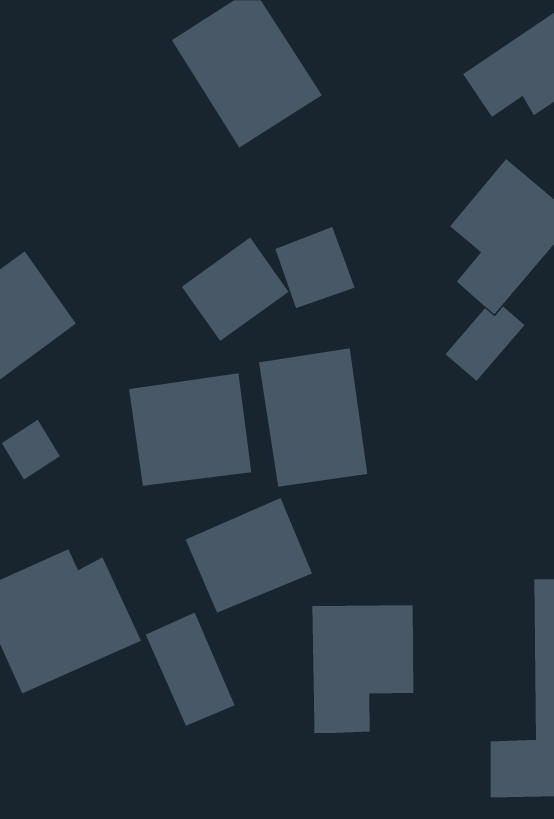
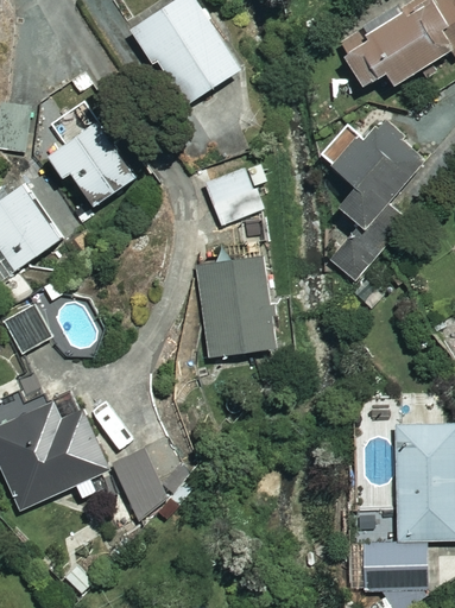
building: [181,237,289,342] -> [50,119,129,196]
building: [128,372,252,487] -> none
building: [185,497,313,613] -> none
building: [312,604,414,734] -> none

